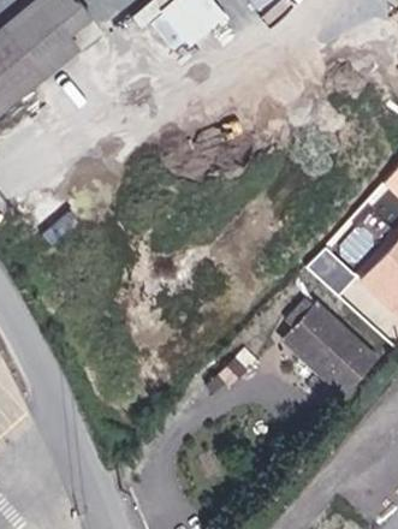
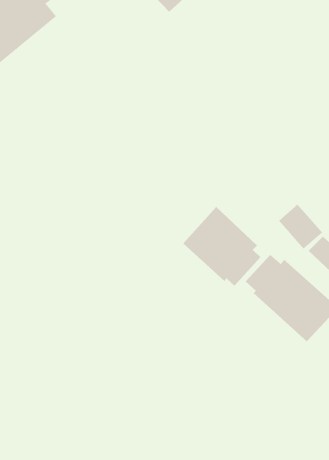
building: none -> [182,206,261,287]

